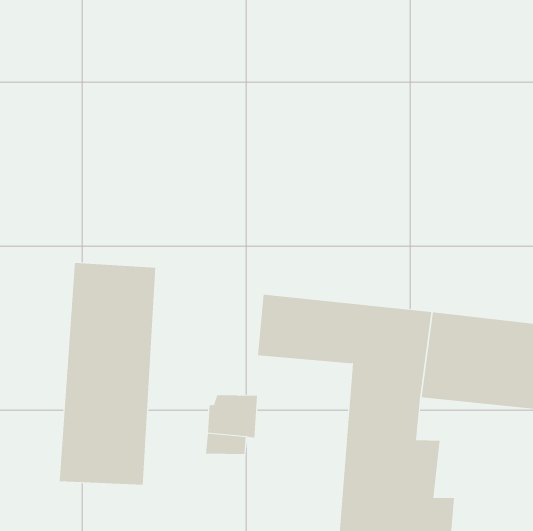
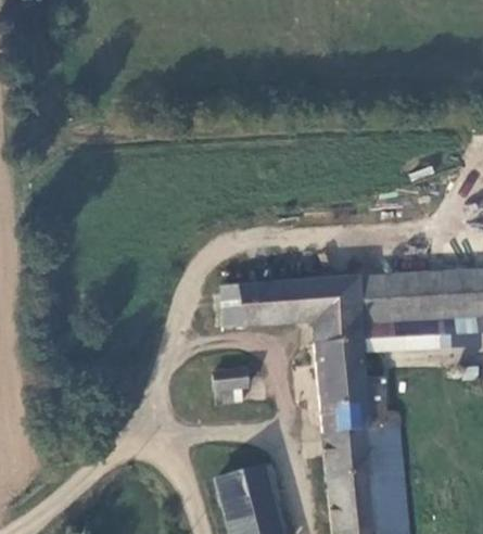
building: [59,262,156,486] -> none

